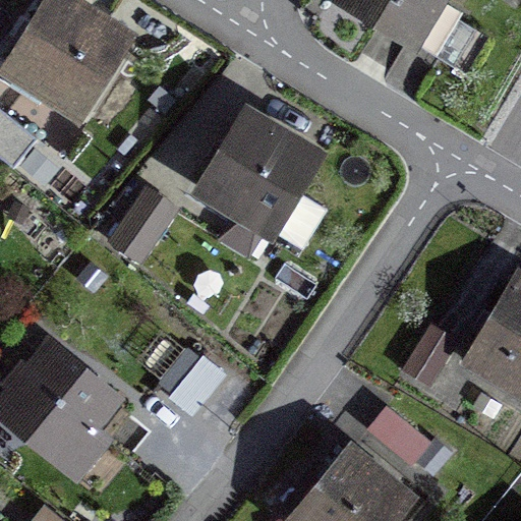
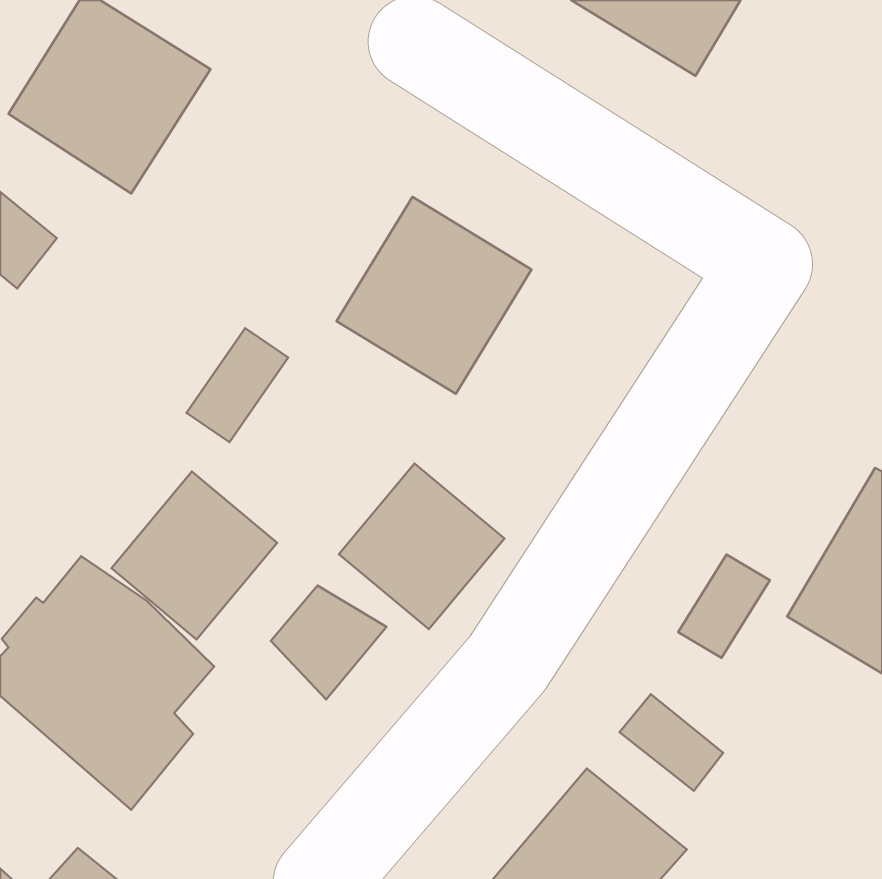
building: none -> [339,463,505,629]
building: none -> [111,471,277,639]

